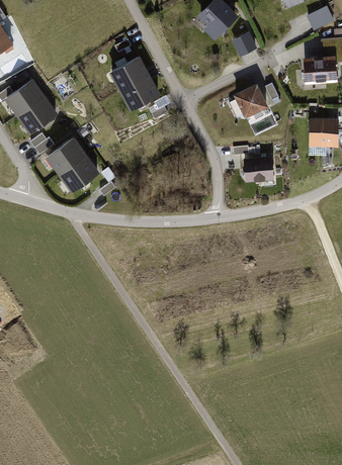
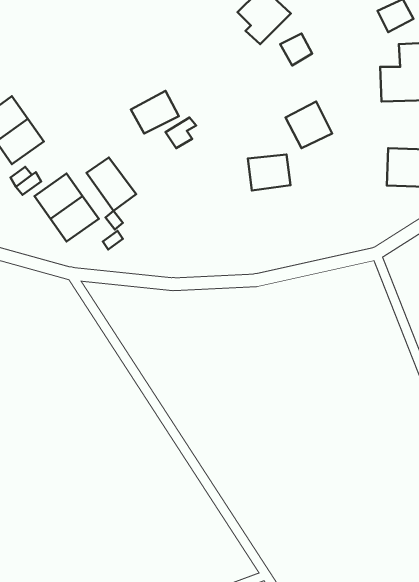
building: [108,57,145,89] -> none
building: none -> [86,158,136,211]
building: [247,156,279,183] -> [248,155,290,191]

